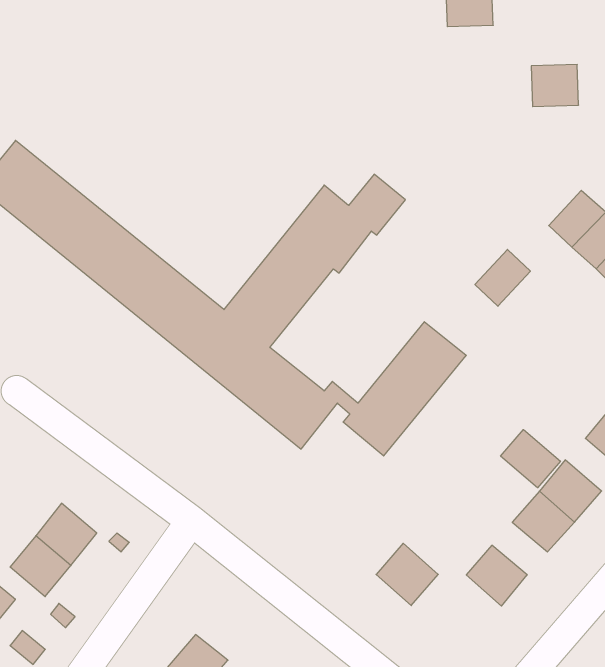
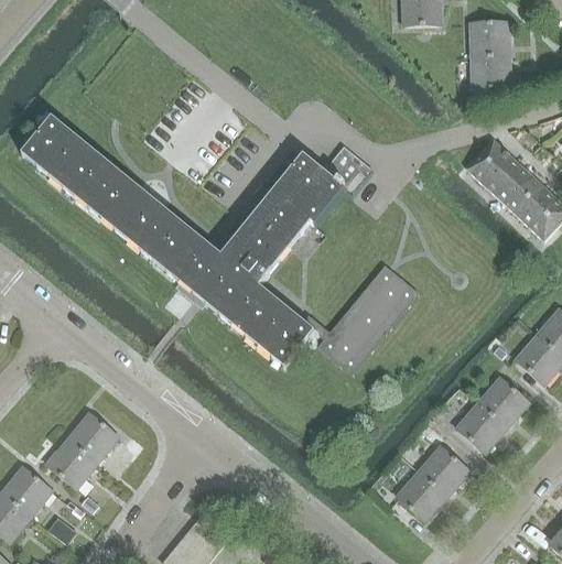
building: none -> [471,21,509,55]
building: [475,249,530,306] -> [467,139,512,185]
building: [501,430,560,488] -> none
building: [376,543,438,606] -> [397,469,447,520]

